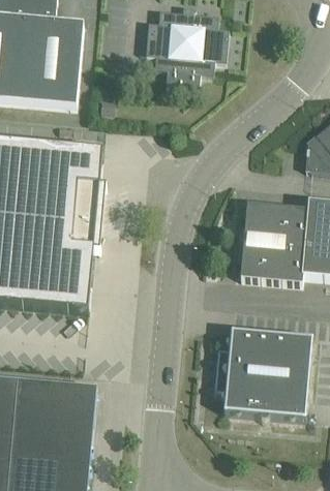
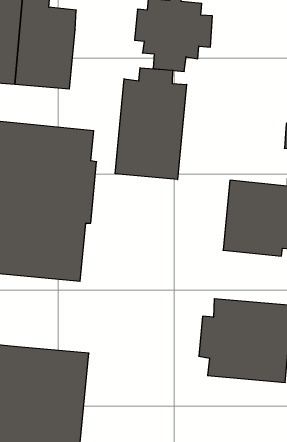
building: none -> [115,68,187,180]

